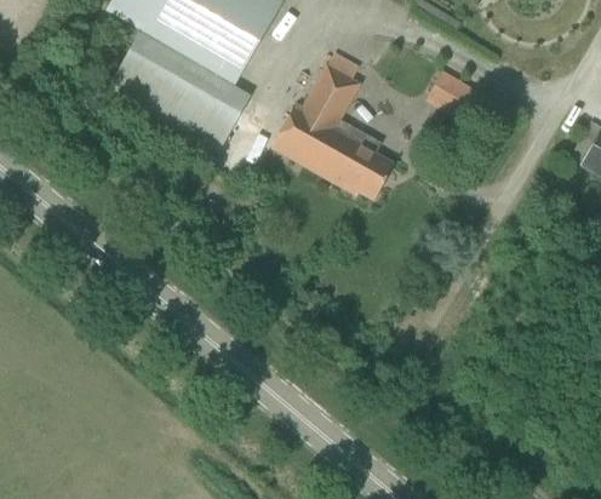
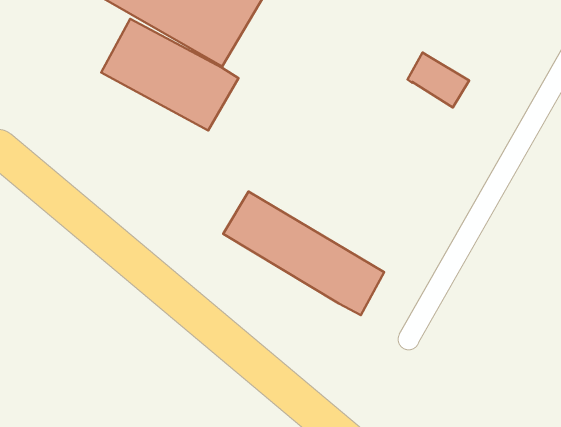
building: [271,51,391,196] -> none
building: none -> [223,191,384,315]

